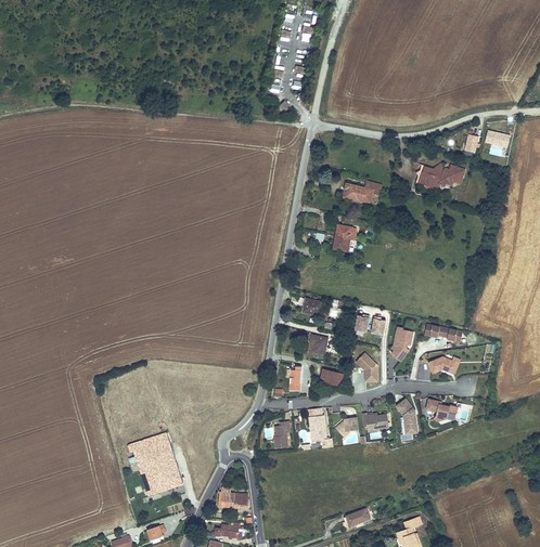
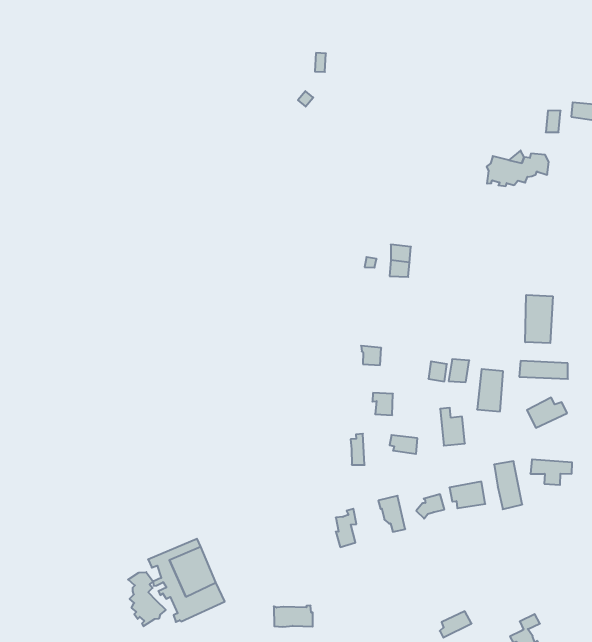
building: [344,182,381,201] -> none
building: none -> [525,295,553,343]
building: none -> [128,572,166,626]

